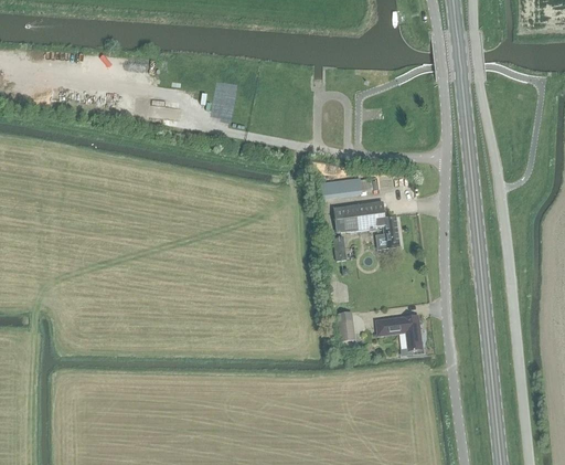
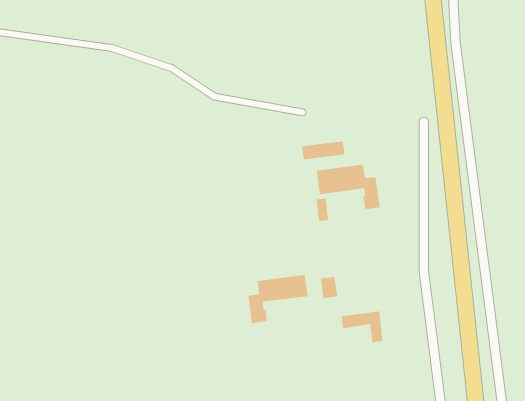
building: none -> [248,274,308,324]
building: [376,315,420,348] -> [341,311,383,343]

